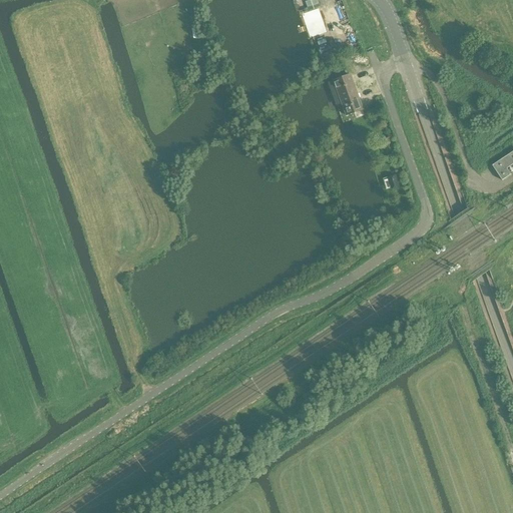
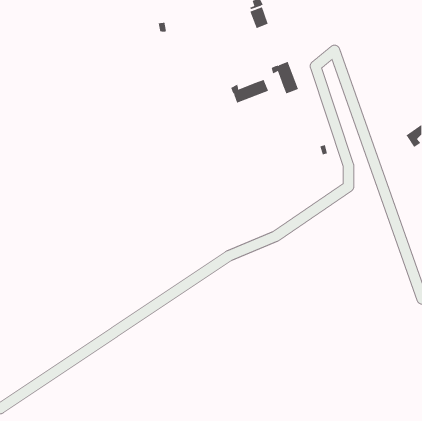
building: none -> [231,79,269,103]

